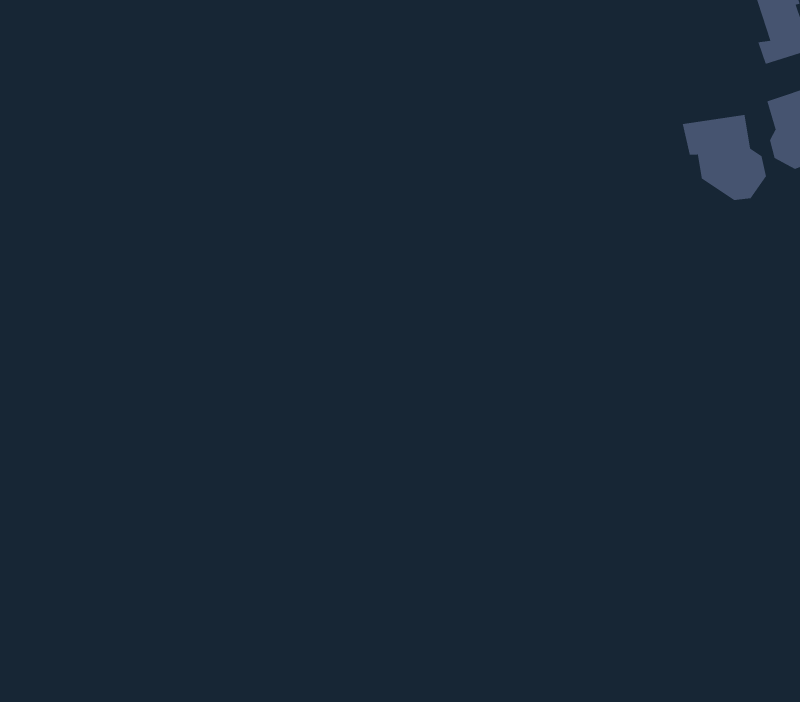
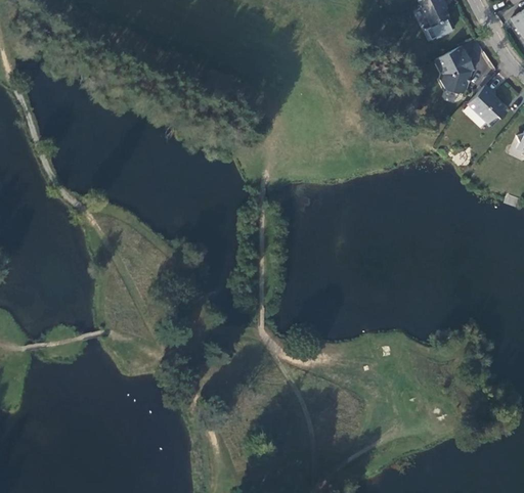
building: [682,114,766,201] -> none

